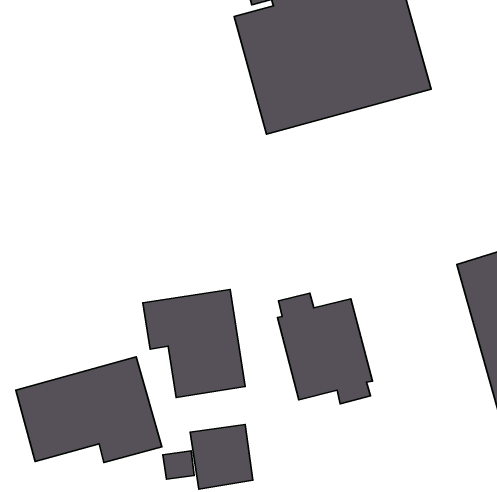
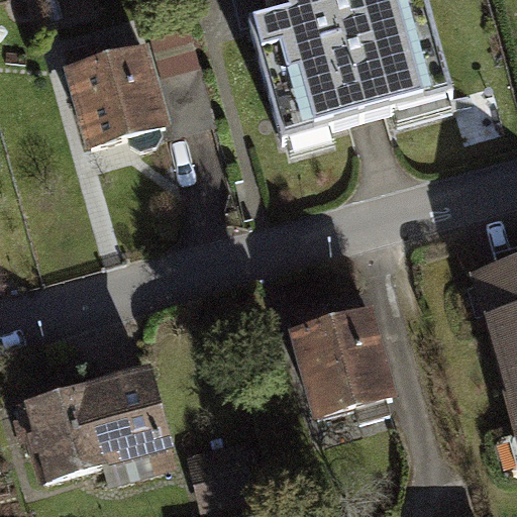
building: none -> [63,39,162,143]
building: [143,290,245,397] -> none

